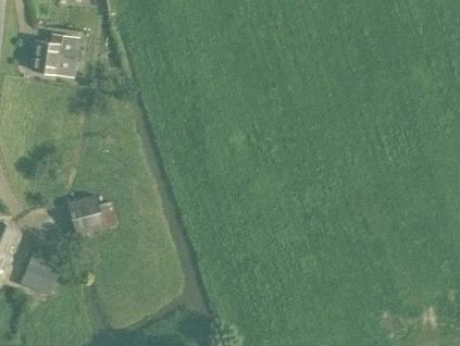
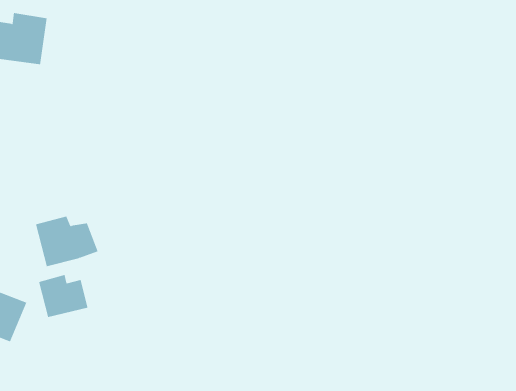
building: none -> [39,274,88,318]

